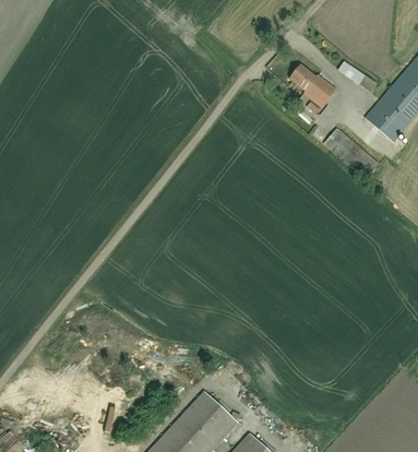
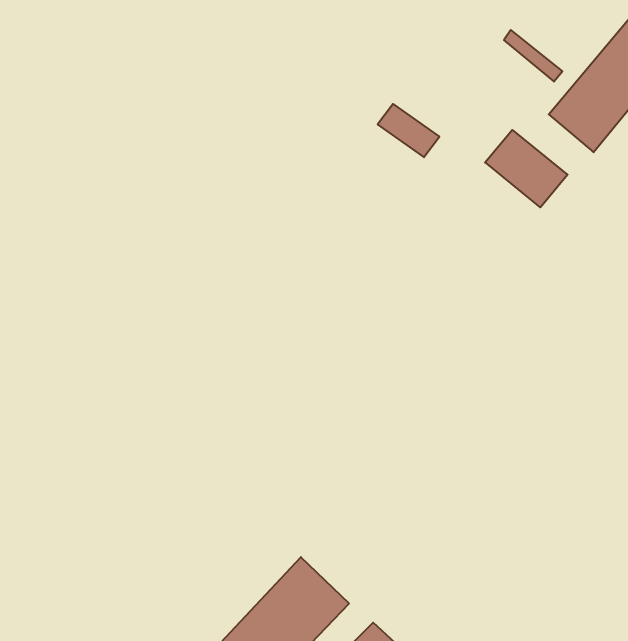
building: [291,69,331,103] -> [378,104,439,157]

